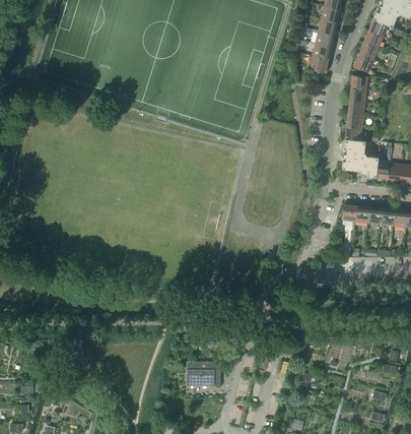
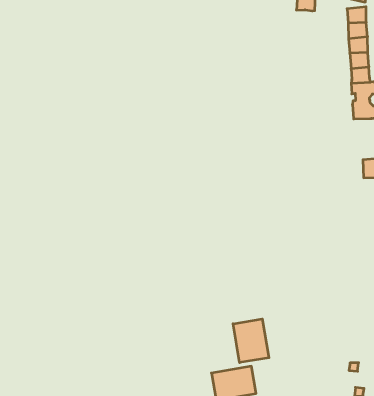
building: none -> [233,319,269,363]

